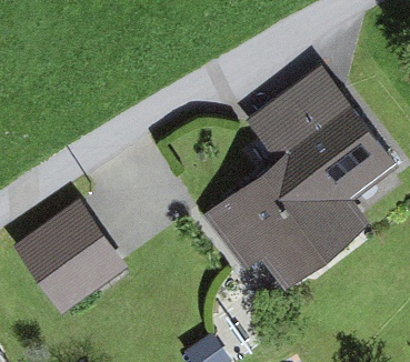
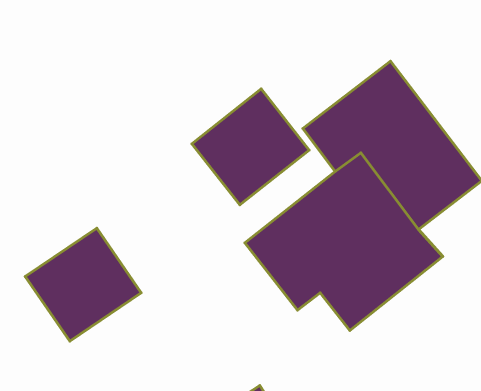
building: none -> [192,89,309,205]

